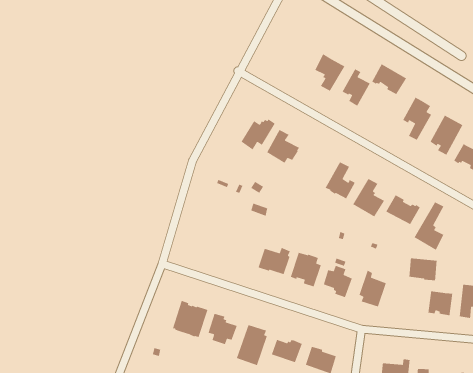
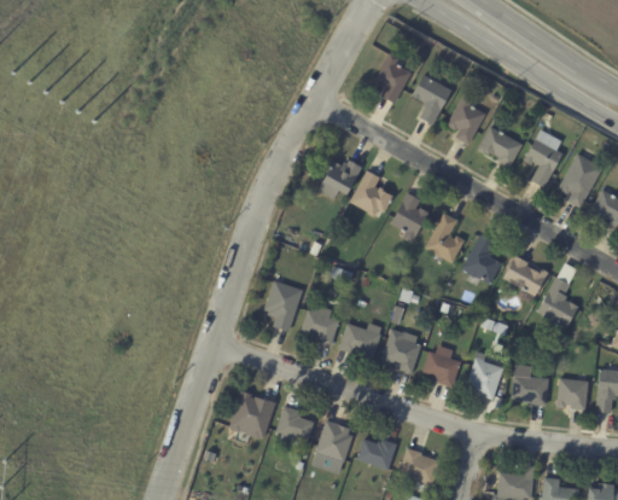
building: none -> [373,52,412,103]
building: [371,63,407,95] -> [477,124,523,165]
building: none -> [391,192,428,242]
building: none -> [264,279,302,331]
building: none -> [301,304,339,347]
building: [408,257,438,281] -> [512,374,549,405]

